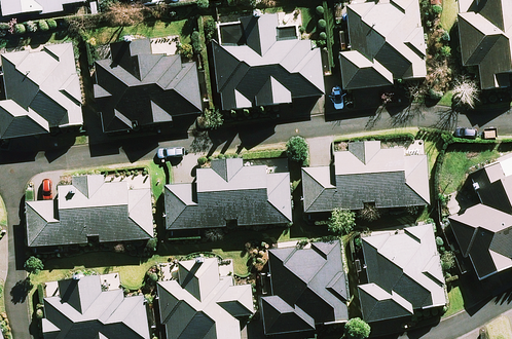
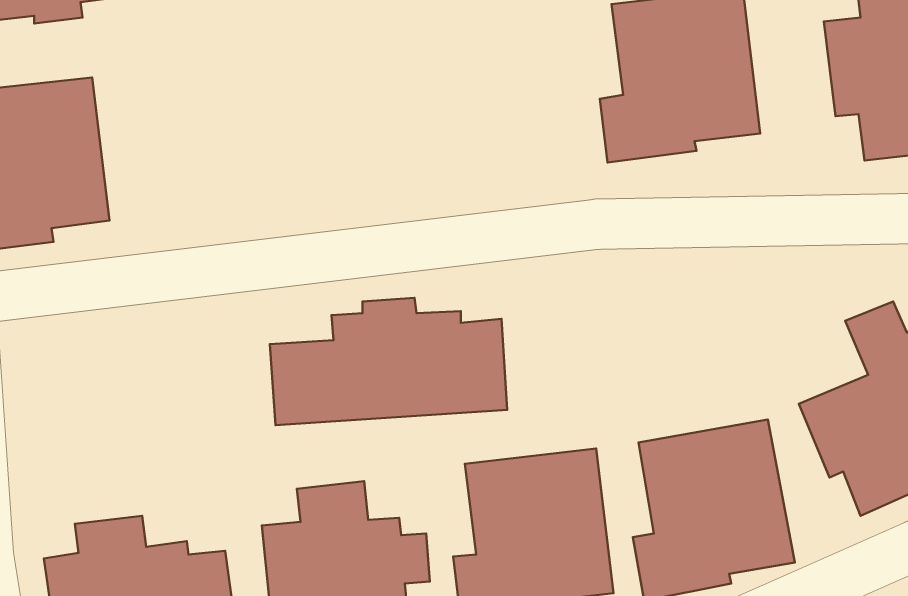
building: [215,21,323,109] -> none
building: [94,40,202,134] -> none
building: [301,144,428,212] -> none
building: [26,177,152,244] -> none

